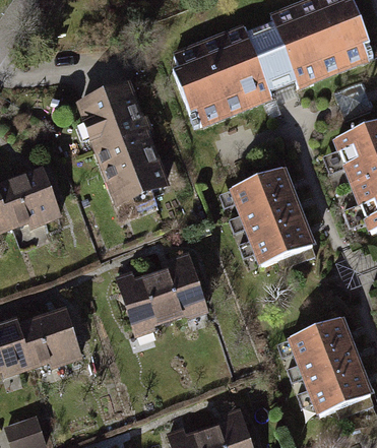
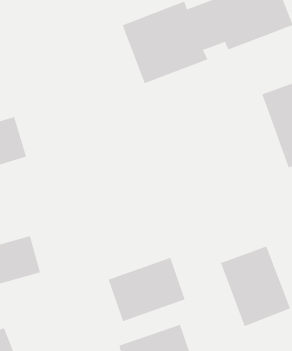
building: [79,84,166,202] -> none
building: [233,167,311,260] -> none
building: [119,260,210,336] -> [108,257,186,322]

